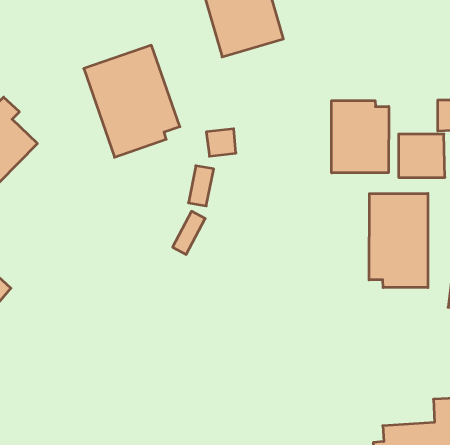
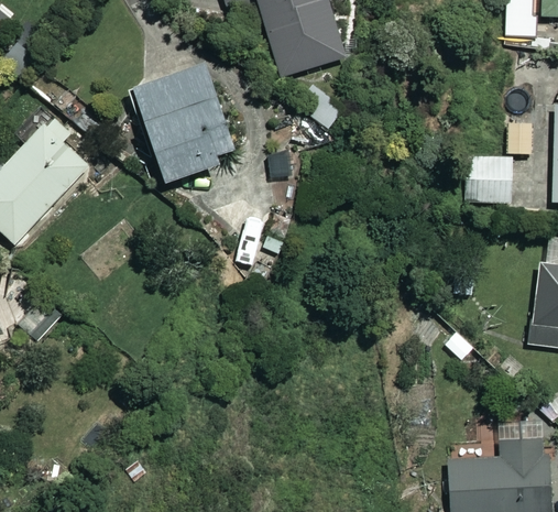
building: [332,101,389,173] -> none
building: [369,193,428,288] -> none

